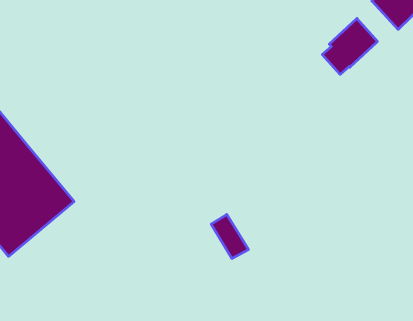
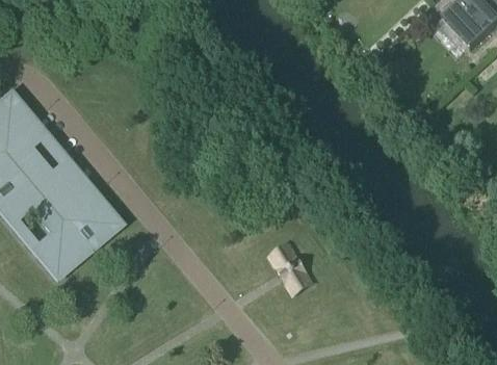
building: [322,18,377,74] -> none

